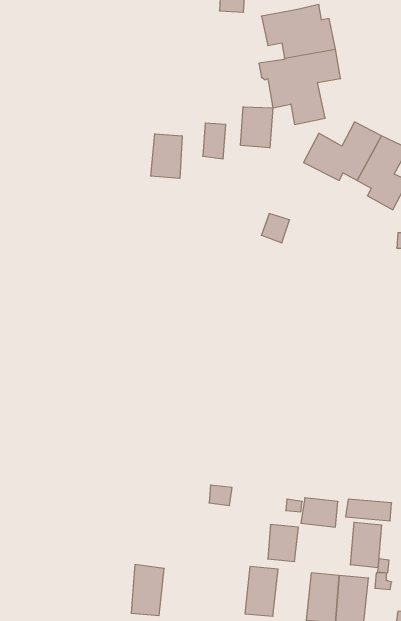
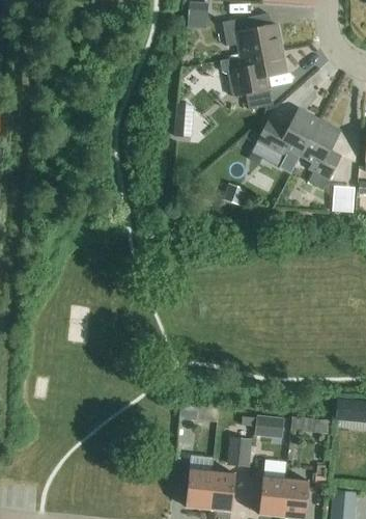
building: [241,107,273,148] -> none
building: [151,134,182,178] -> none
building: [350,522,382,568] -> none
building: [131,565,164,616] -> [186,467,213,509]

